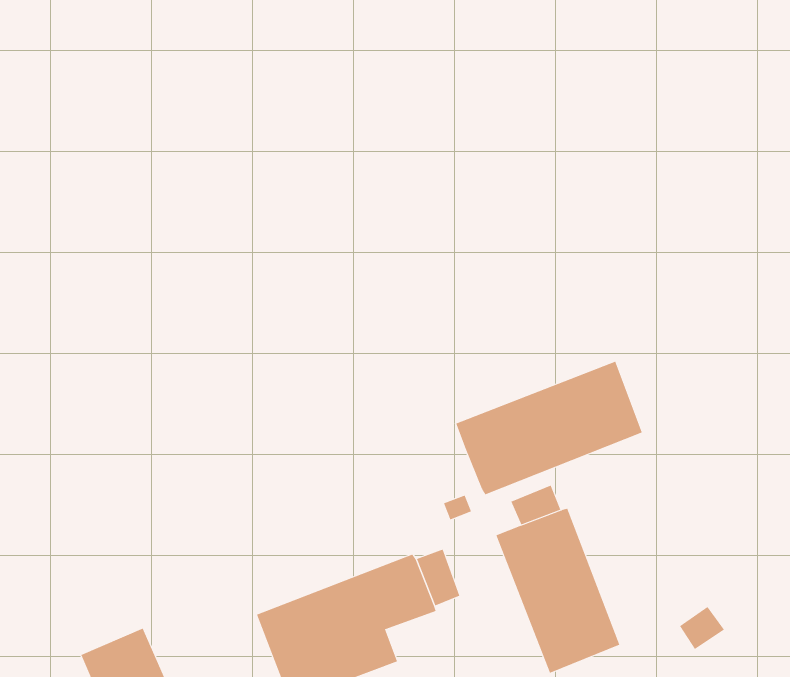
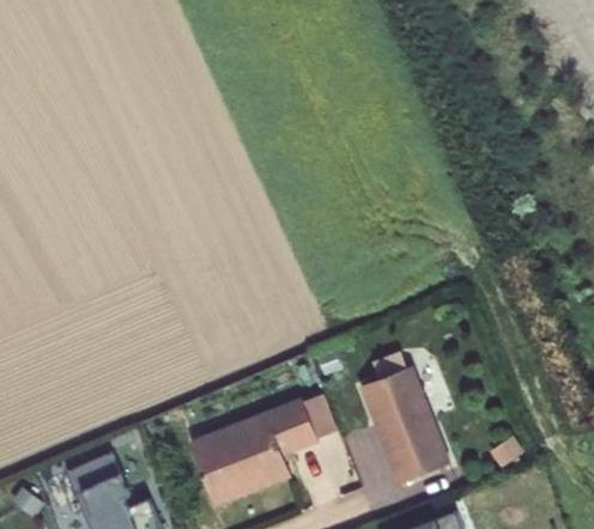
building: [455,361,642,495] -> none

